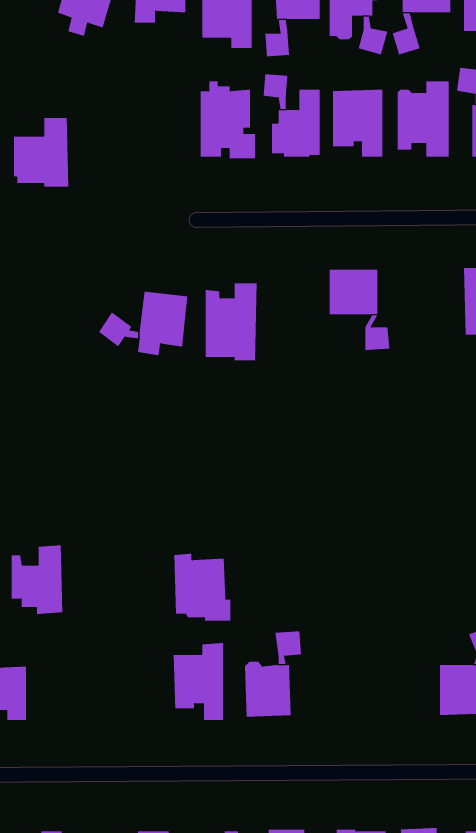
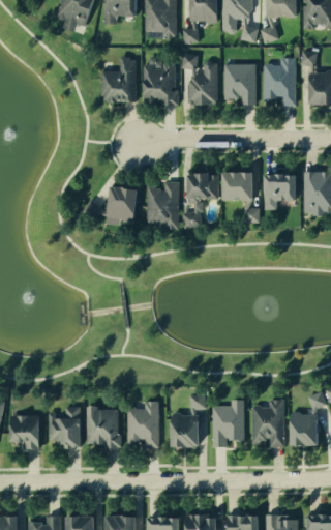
building: [13,117,69,187] -> [101,59,136,101]
building: none -> [182,175,218,228]
building: none -> [265,175,295,209]
building: [11,545,63,614] -> [49,406,81,448]
building: [173,553,231,621] -> [86,406,121,447]
building: none -> [251,399,284,447]
building: none -> [213,400,244,446]

